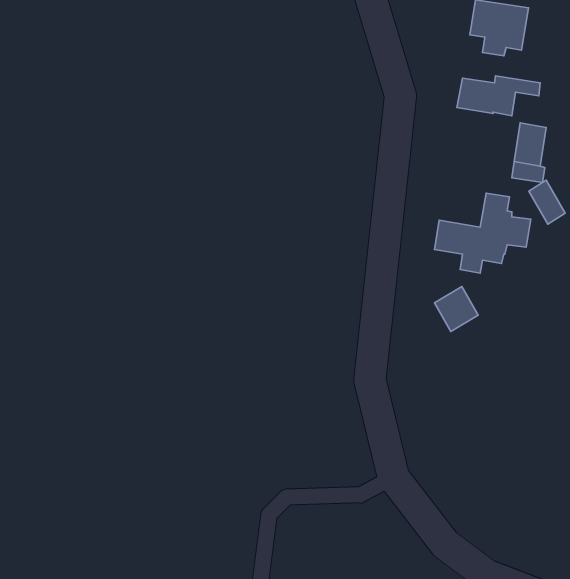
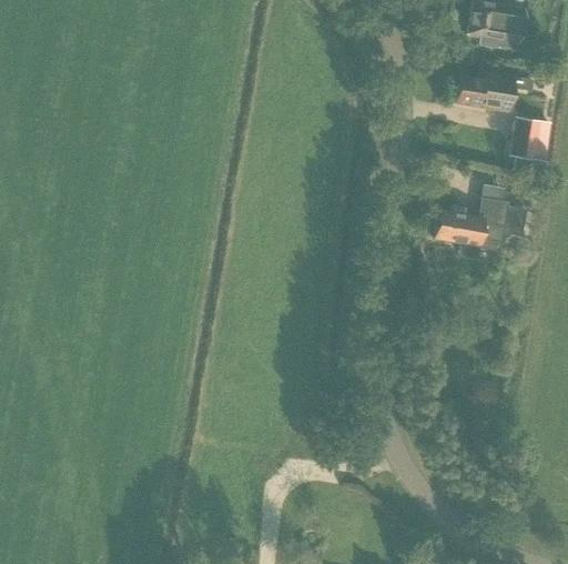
building: [529,180,565,224] -> none
building: [434,286,478,332] -> none

